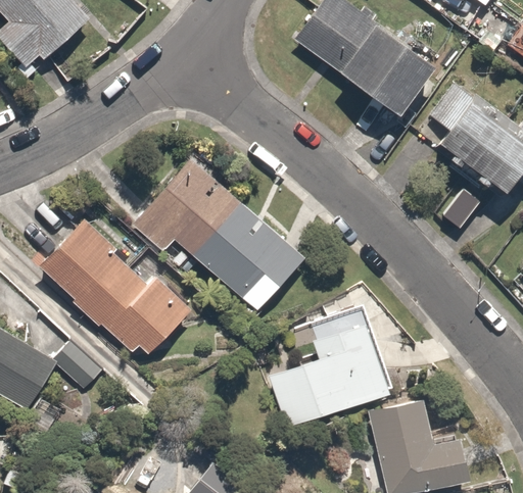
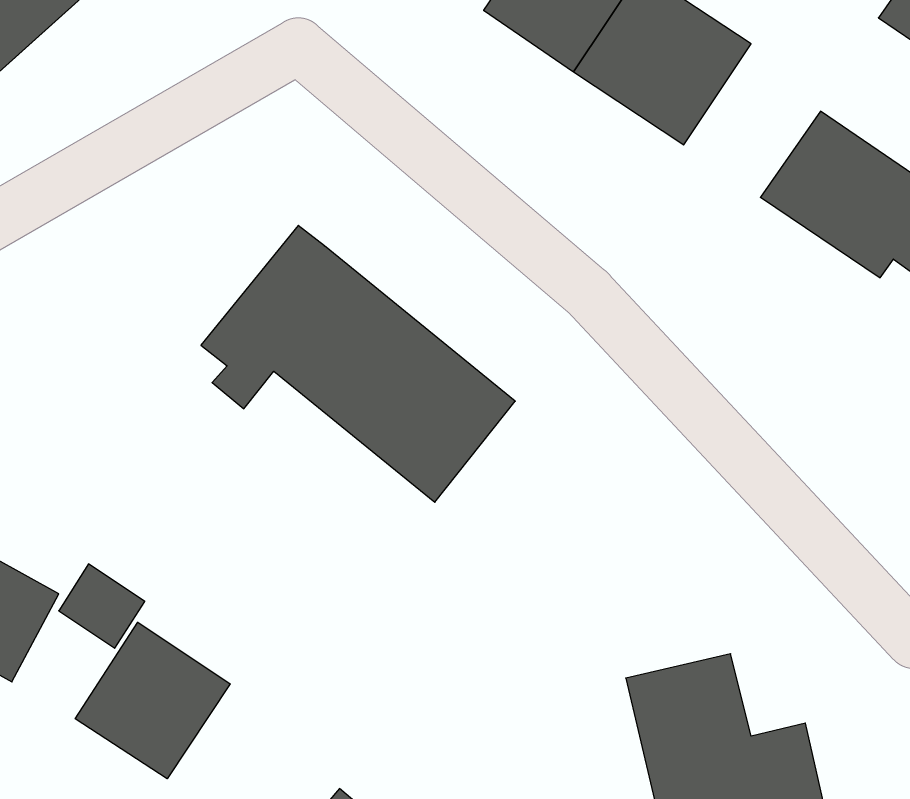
building: [38,216,191,355] -> none
building: [266,318,393,428] -> none
building: none -> [75,622,230,779]

